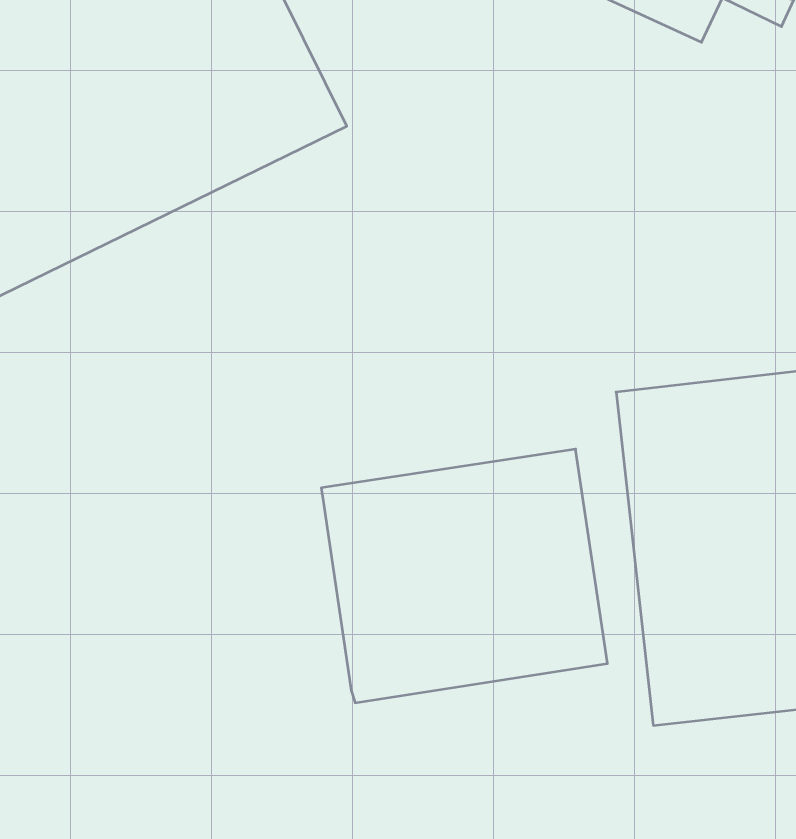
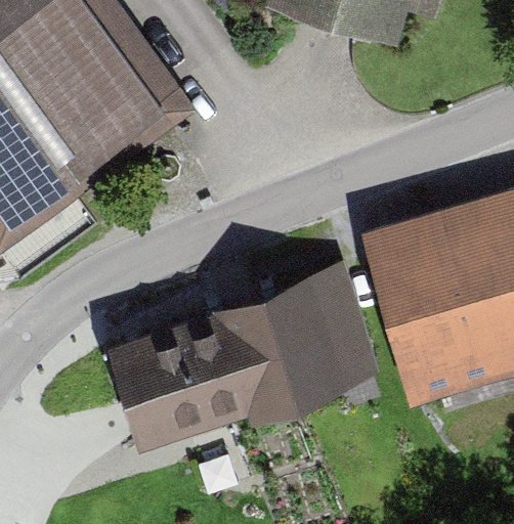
building: none -> [109,312,249,448]

